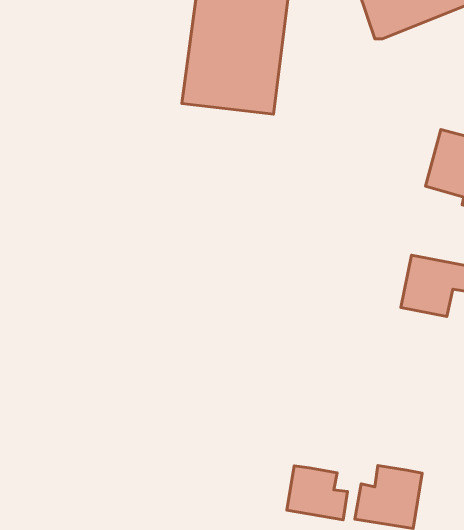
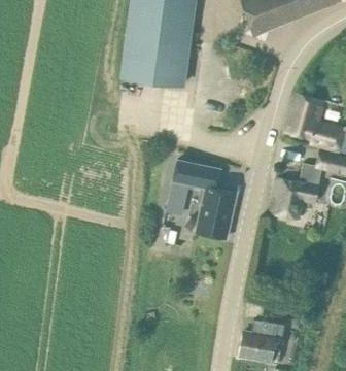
building: none -> [166,159,237,239]
building: [287,466,348,520] -> none

